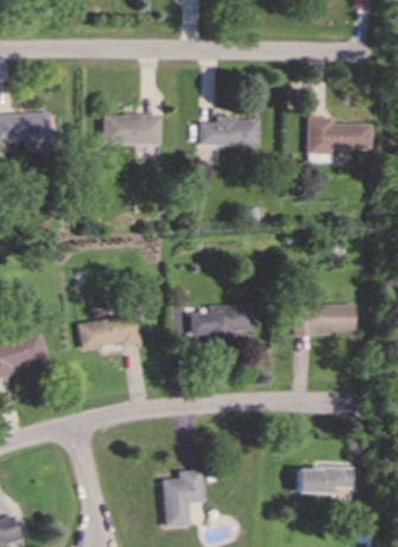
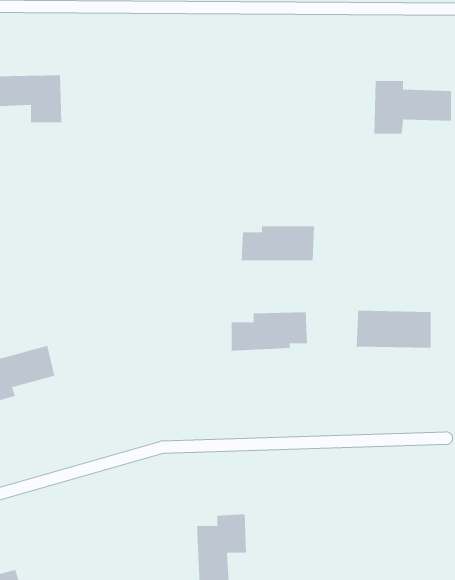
building: [102,114,160,145] -> none
building: [198,117,259,146] -> [241,226,315,261]
building: [77,316,140,349] -> none
building: [297,468,350,494] -> none

